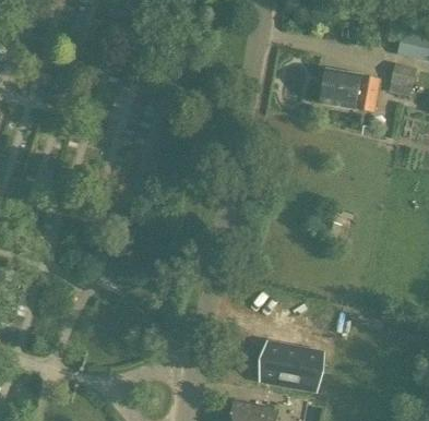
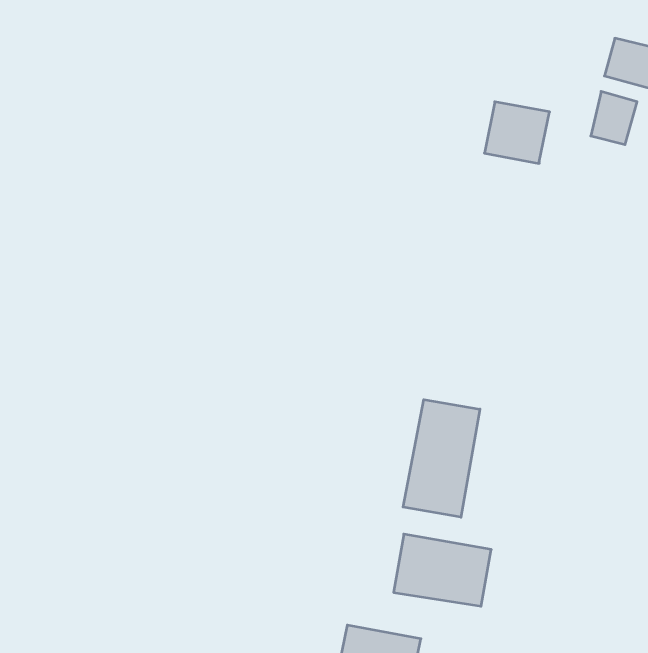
building: [354,73,380,109] -> none
building: none -> [403,400,480,517]

